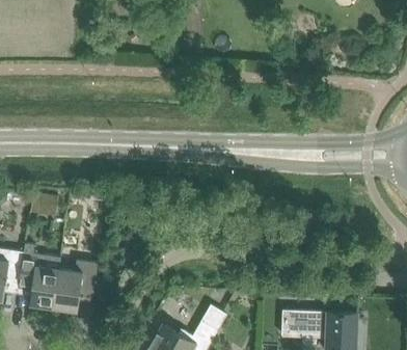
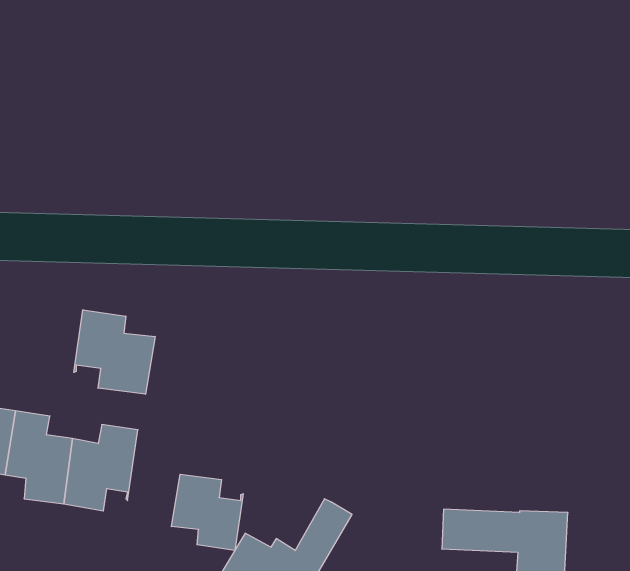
building: none -> [74,310,155,394]
building: none -> [171,474,243,550]

